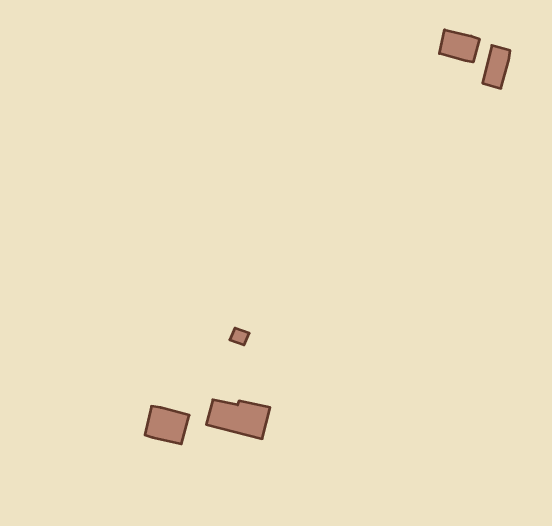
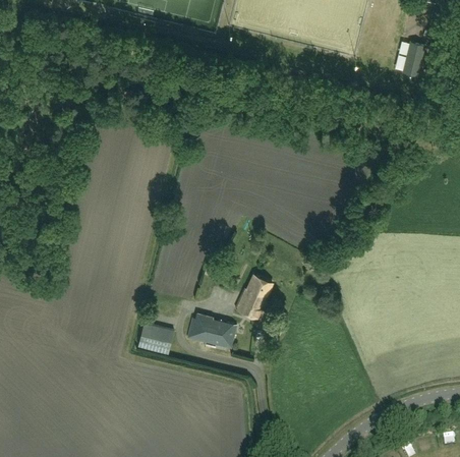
building: [439,30,479,62] -> none
building: none -> [234,273,271,318]

